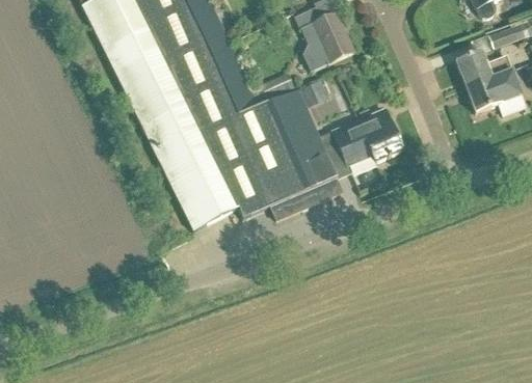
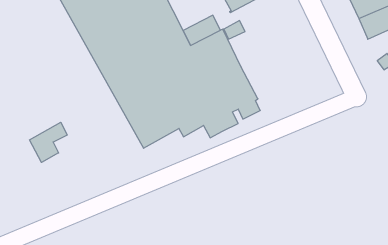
building: [318,108,401,176] -> none
building: none -> [30,122,67,162]

